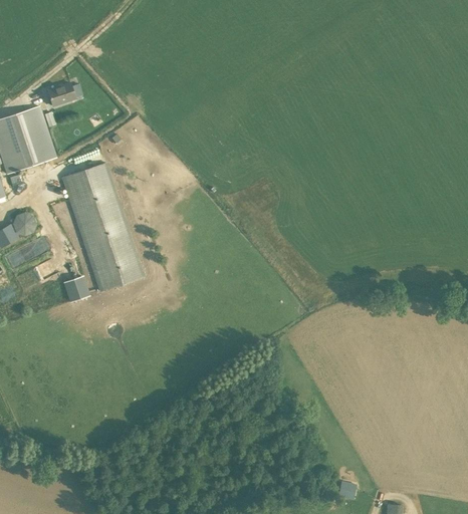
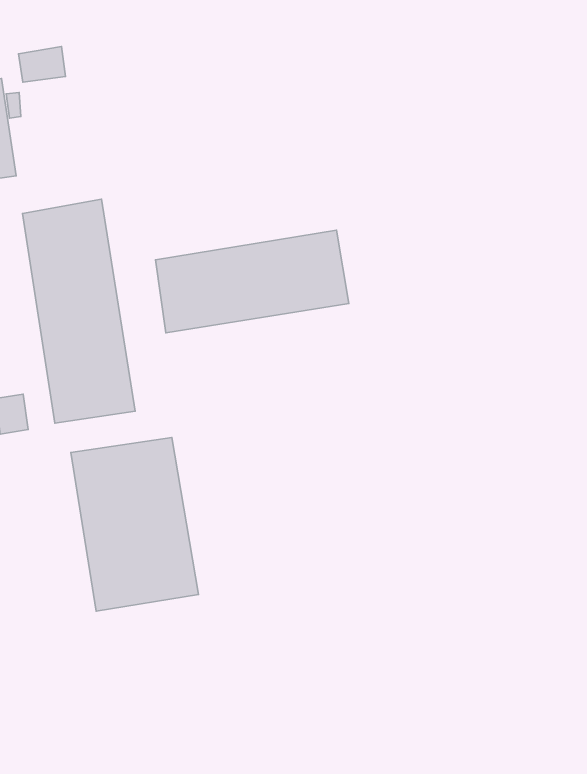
building: none -> [156,230,349,333]
building: none -> [71,437,198,611]

